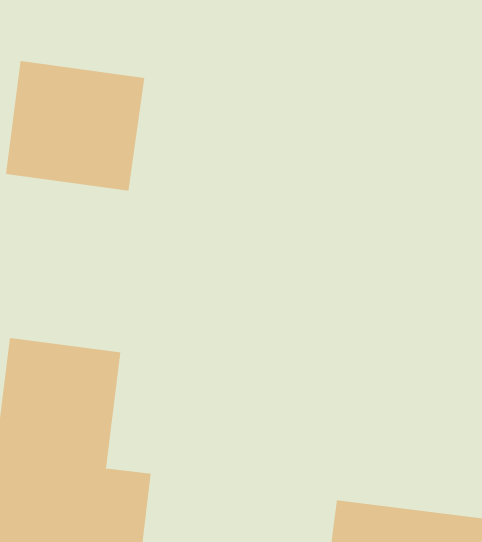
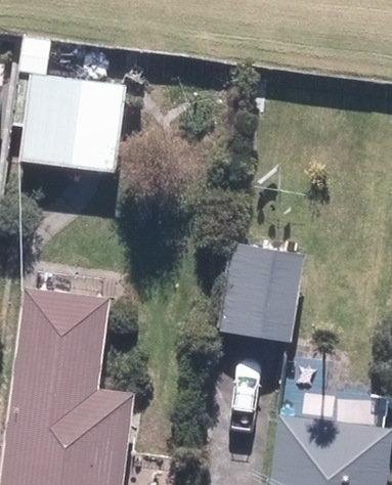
building: none -> [215,241,304,342]

